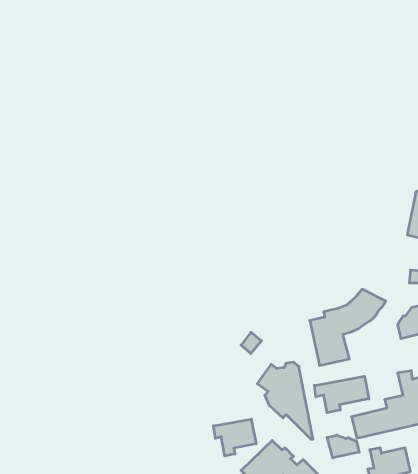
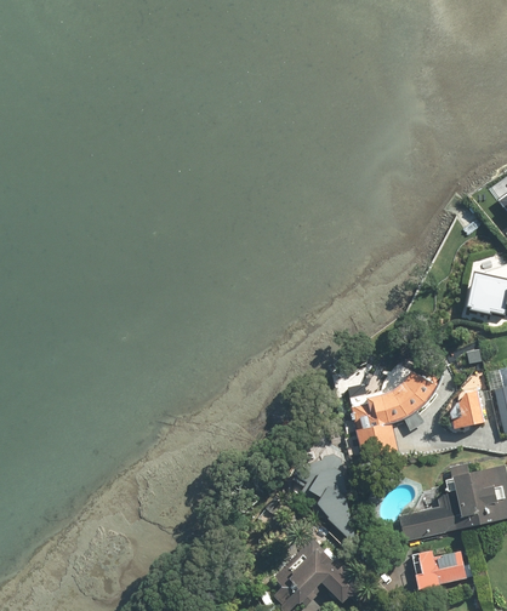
building: [314,376,369,413] -> none
building: [213,419,256,456] -> none
building: [327,435,359,458] -> none

